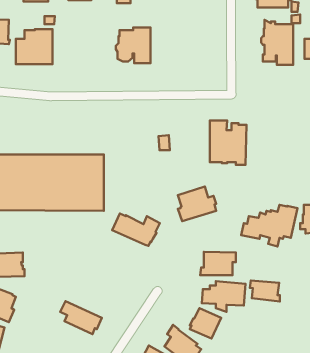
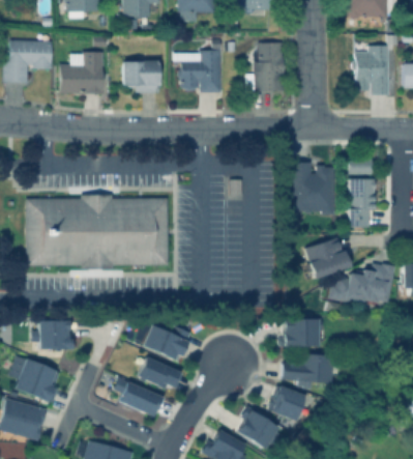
building: none -> [248,44,286,92]
building: none -> [123,61,164,93]
building: none -> [349,156,374,174]
building: none -> [349,178,377,226]
building: [178,186,216,221] -> [306,237,352,279]
building: [112,214,160,246] -> [135,322,191,361]
building: [250,280,280,301] -> none
building: none -> [138,357,181,389]

